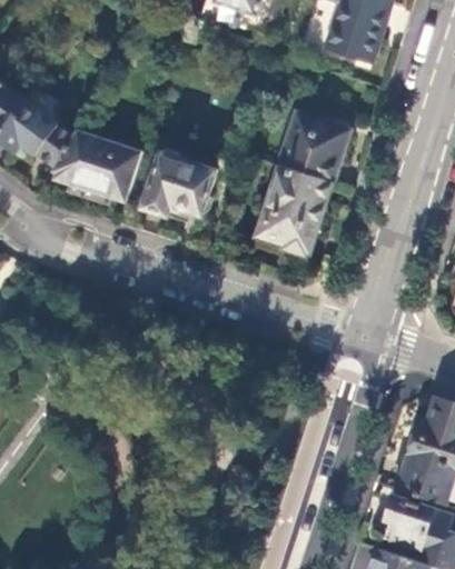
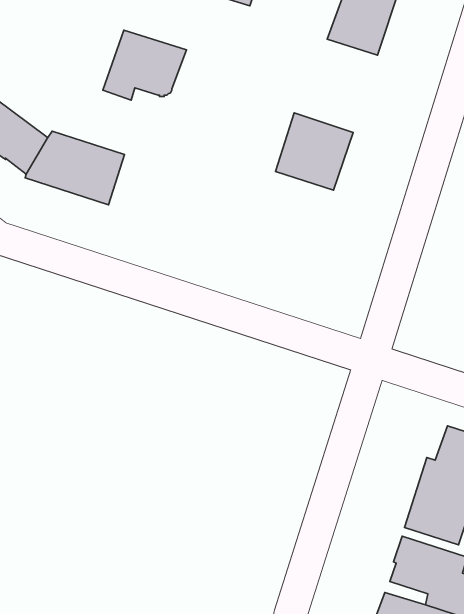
building: [140,153,216,217] -> [103,30,186,100]
building: [255,167,330,257] -> none

